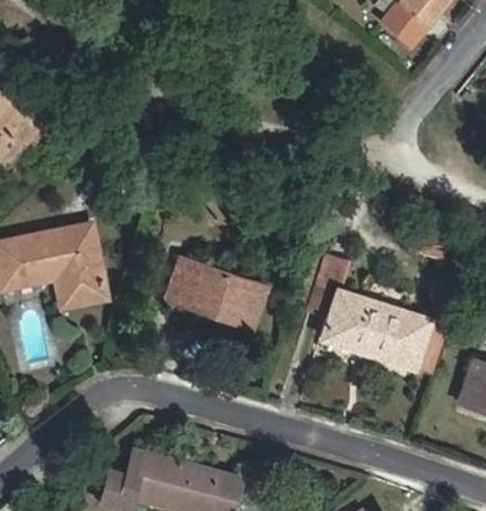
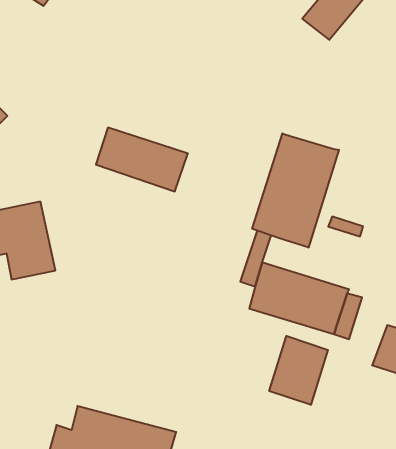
building: none -> [252,133,339,248]
building: [166,258,267,329] -> [96,128,188,191]
building: none -> [269,336,328,405]

